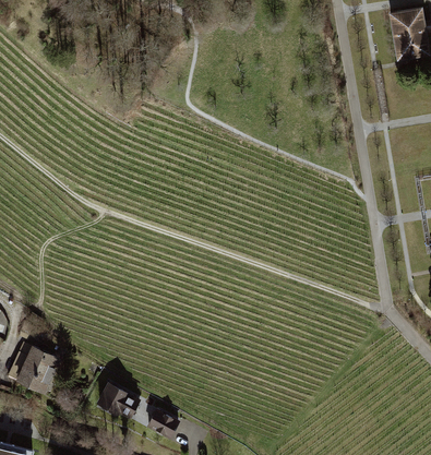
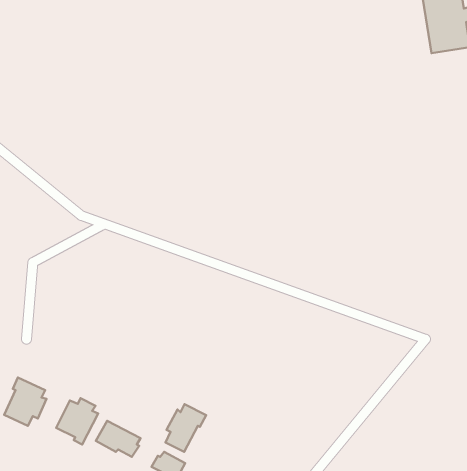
building: none -> [56,398,98,445]
building: none -> [165,404,206,452]

